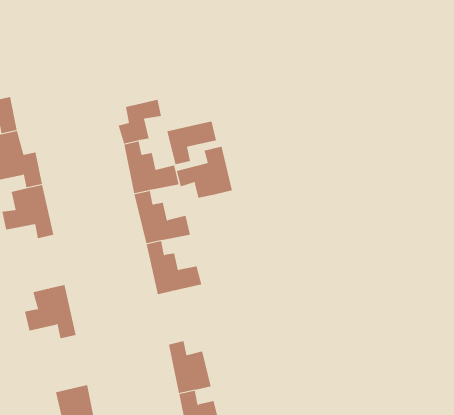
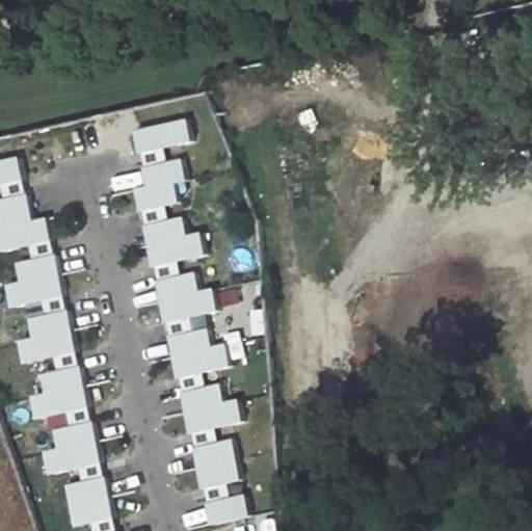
building: [166,121,217,165] -> [133,120,189,168]
building: [176,146,233,199] -> none
building: none -> [18,311,76,370]
building: none -> [178,373,240,432]
building: none -> [43,422,101,481]

